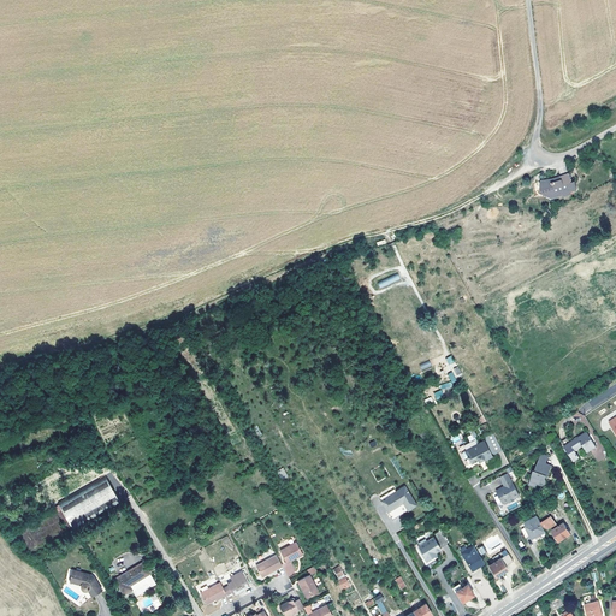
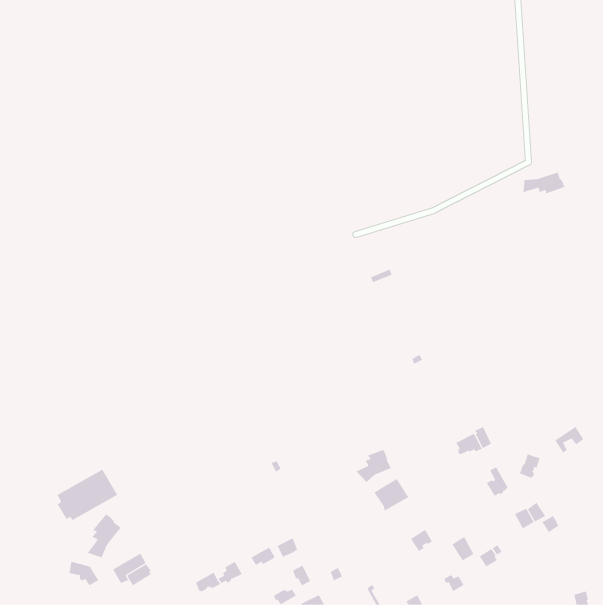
building: none -> [356,449,392,483]
building: none -> [87,514,122,558]

